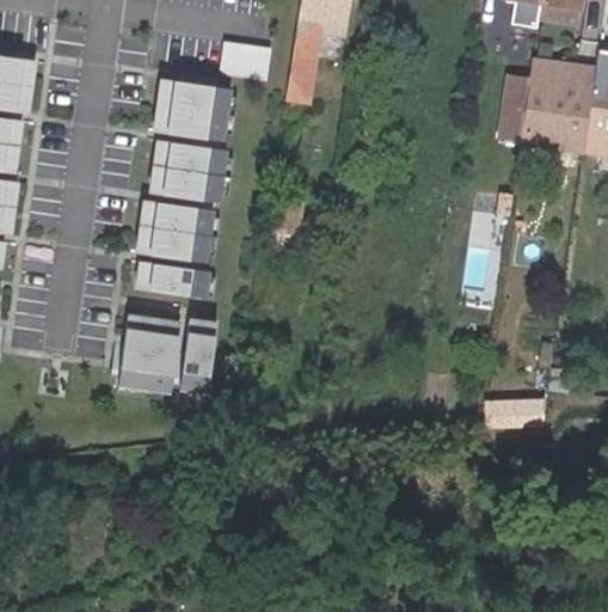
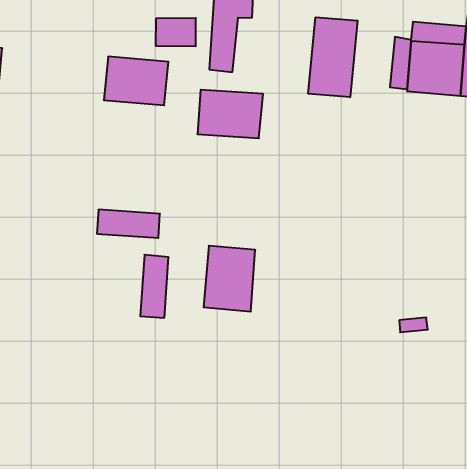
building: none -> [308,17,358,97]
building: [148,140,229,202] -> [197,90,263,138]
building: [136,201,216,264] -> none
building: [117,313,183,394] -> [204,246,255,311]

